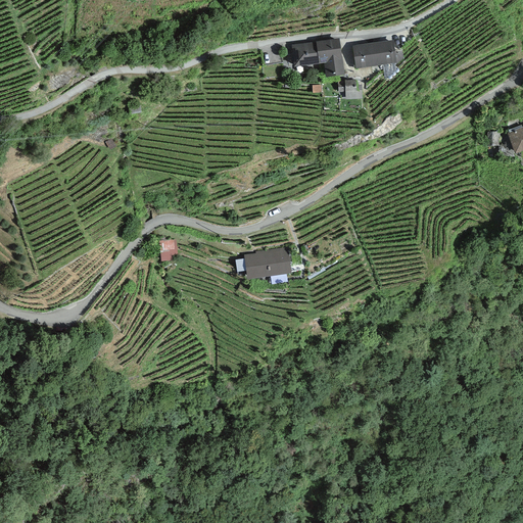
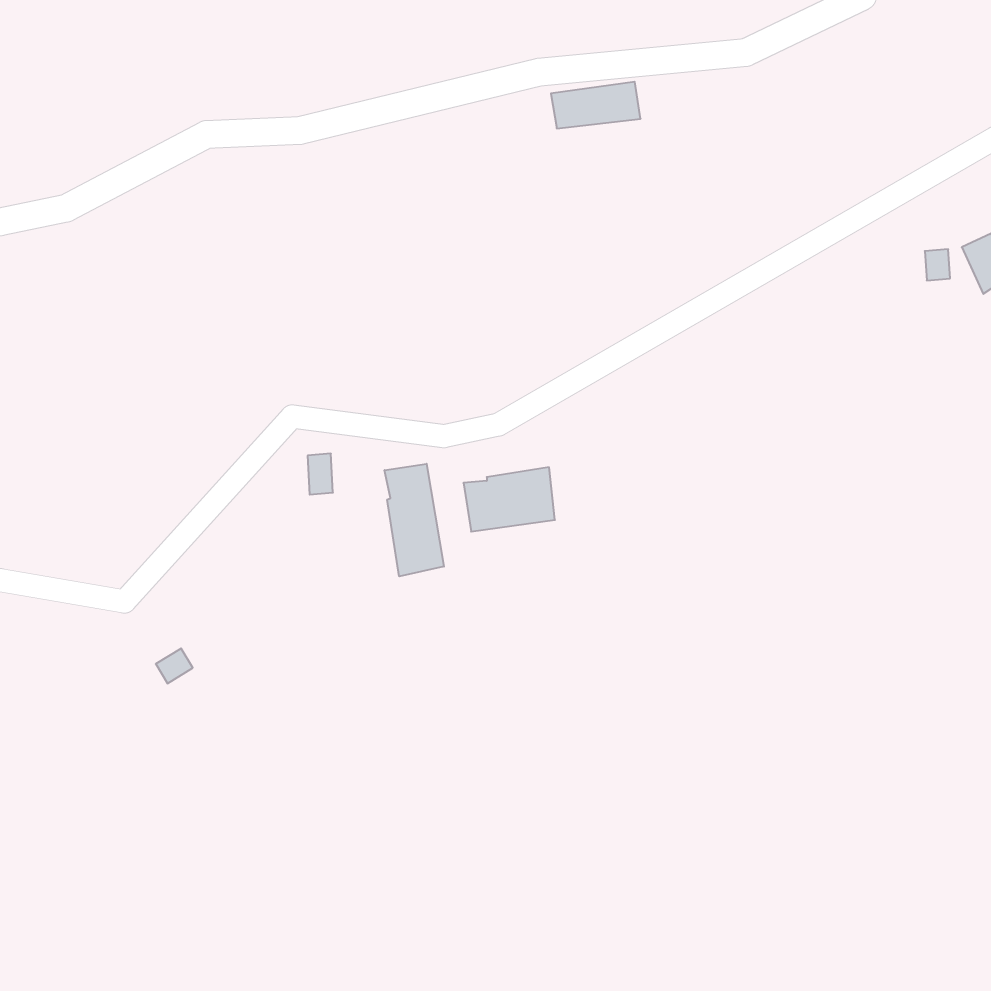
building: [350,46,388,65] -> none
building: none -> [385,464,444,576]

